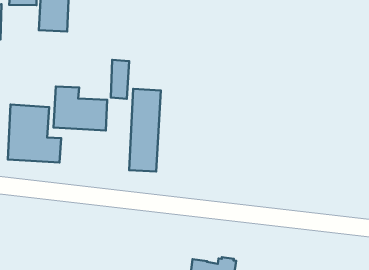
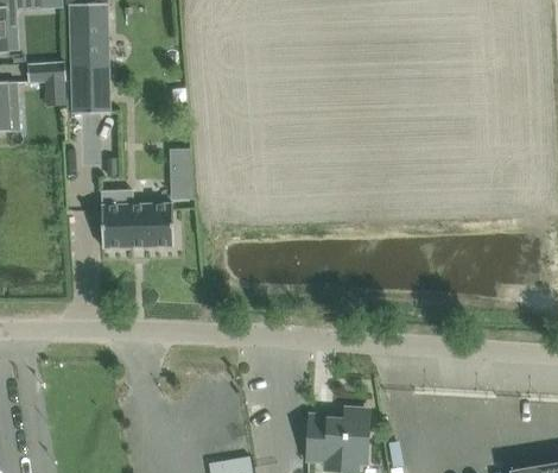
building: [129,89,161,172] -> none
building: [8,105,61,162] -> none

